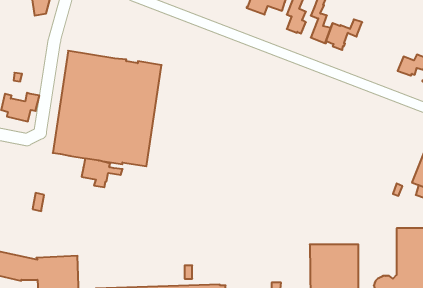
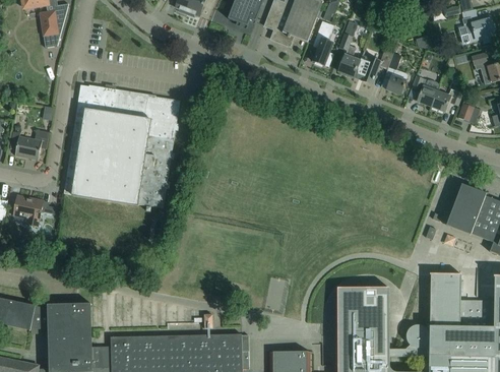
building: none -> [386,52,409,94]
building: none -> [412,75,439,106]
building: [82,159,123,187] -> [13,195,57,226]

